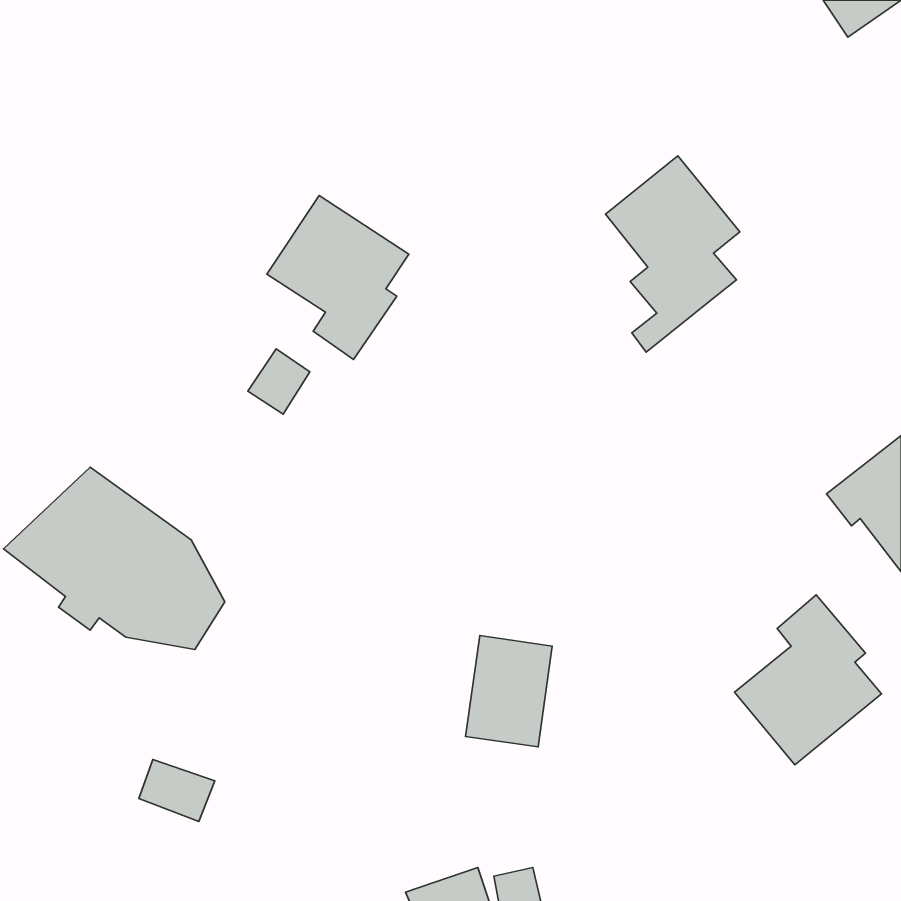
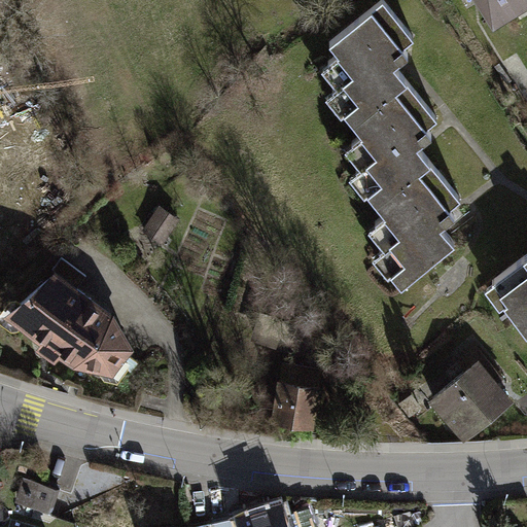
building: none -> [328,10,408,127]
building: [267,195,409,359] -> none
building: none -> [376,173,454,289]
building: [139,760,215,822] -> [15,480,60,516]

